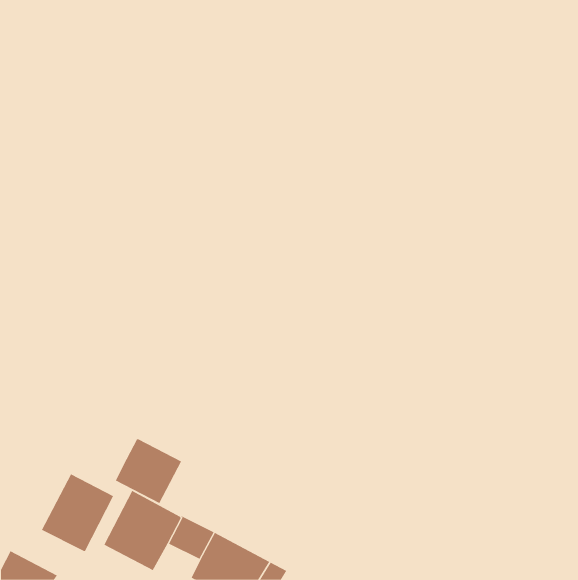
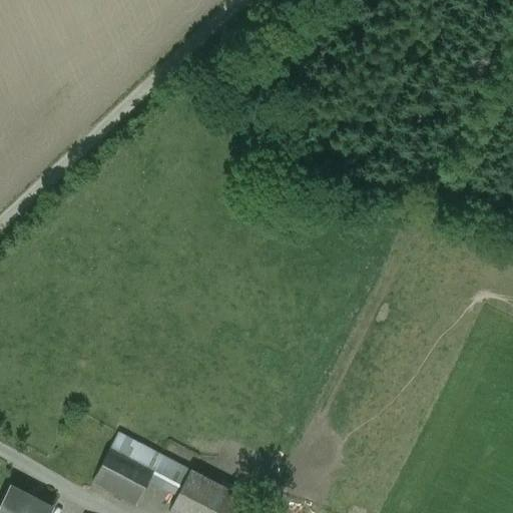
building: [115,438,182,504] -> none
building: [41,473,114,552] -> none

